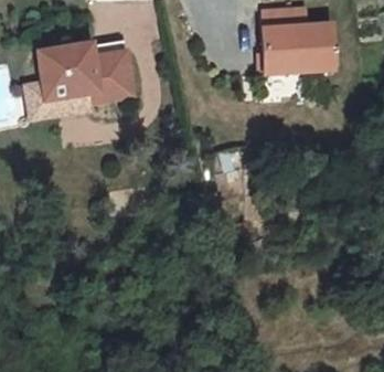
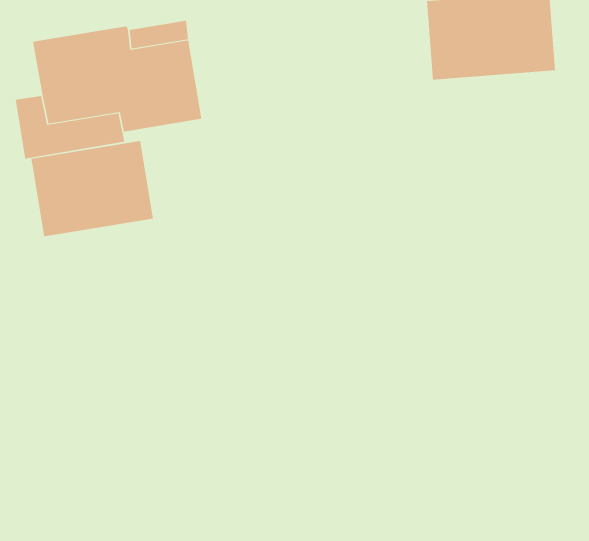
building: none -> [31,140,154,237]

